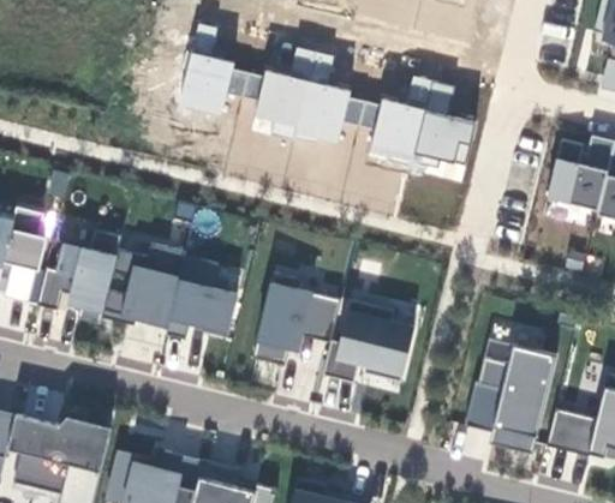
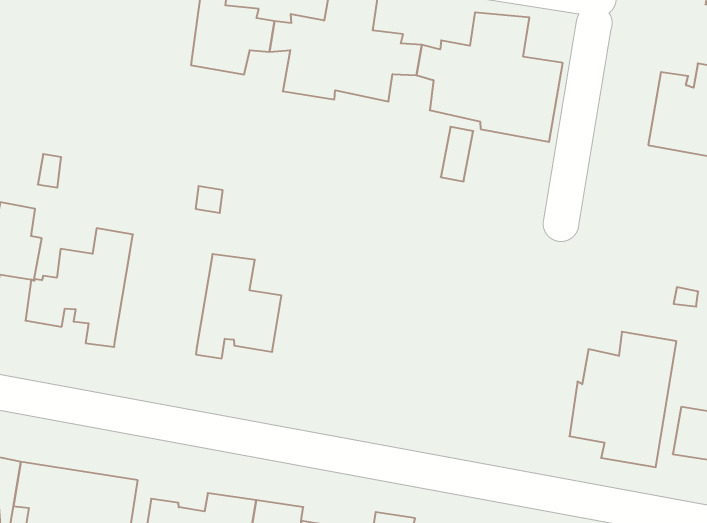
building: [103,244,187,330] -> none
building: [247,274,336,366] -> none
building: [326,295,418,379] -> none

